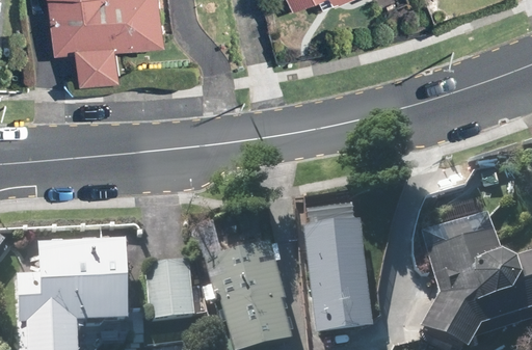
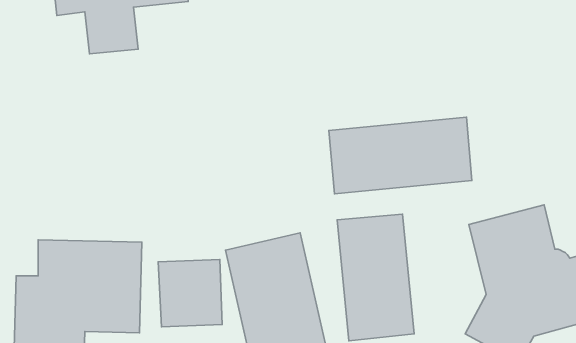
building: none -> [329,117,472,194]

